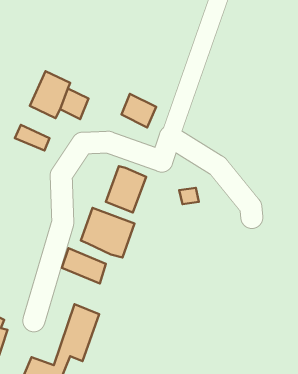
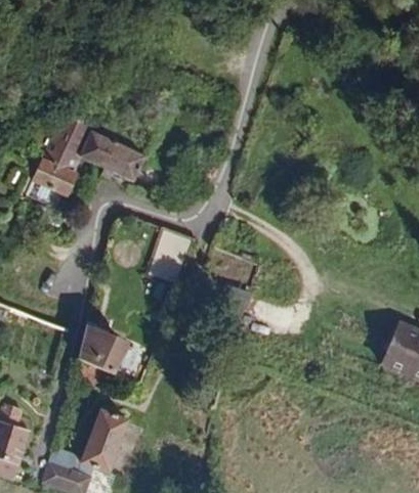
building: [122,94,156,128] -> [108,142,151,184]
building: none -> [34,151,81,191]
building: [81,208,134,258] -> none

